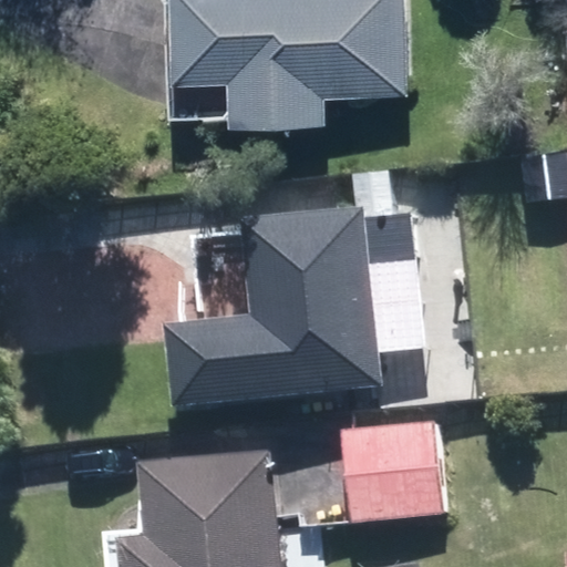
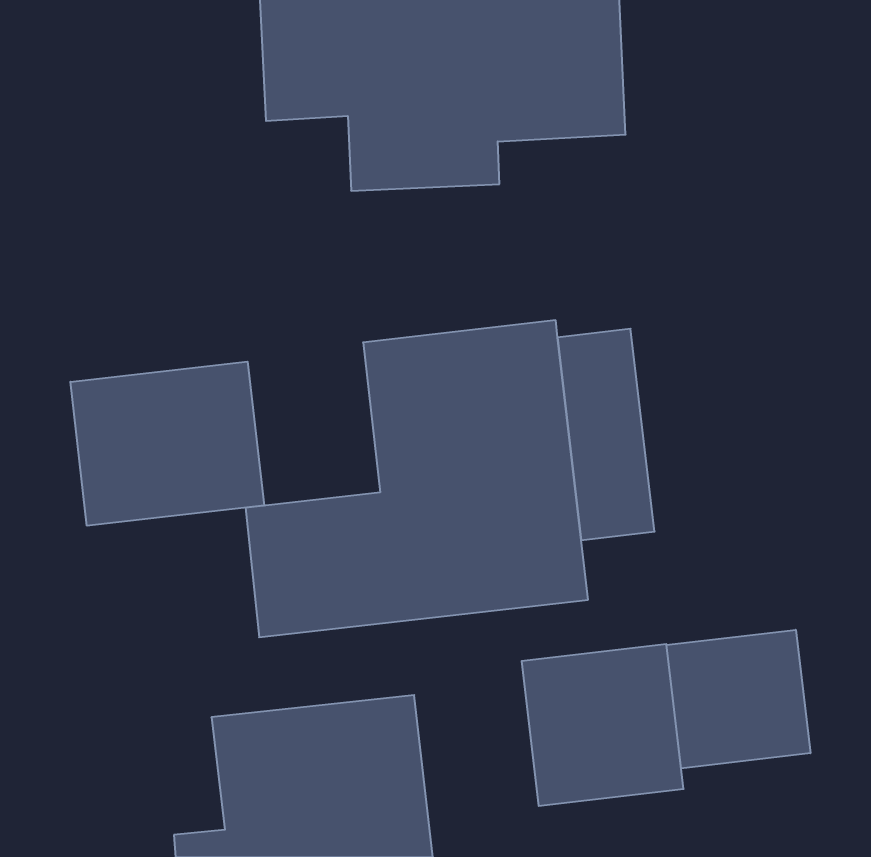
building: none -> [70,362,264,526]
building: none -> [667,630,810,769]

